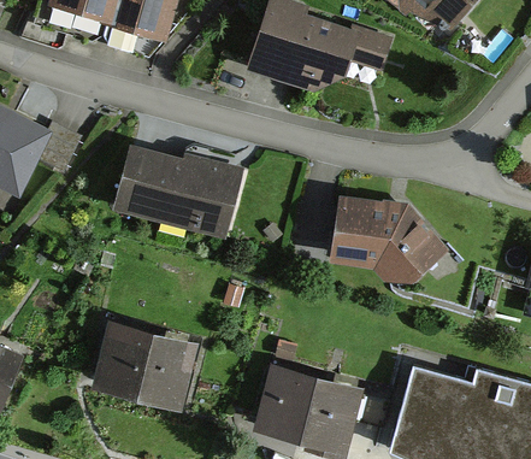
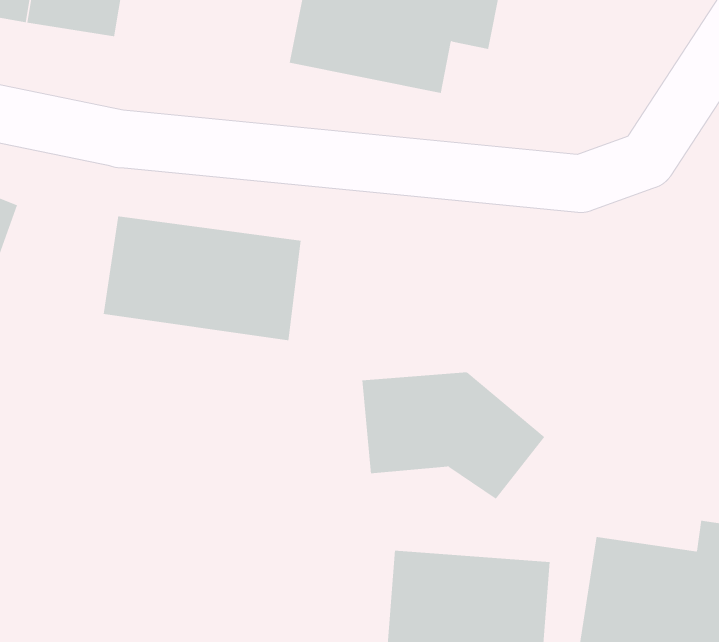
building: [341,202,448,283] -> [361,372,545,499]
building: [102,325,202,402] -> none

